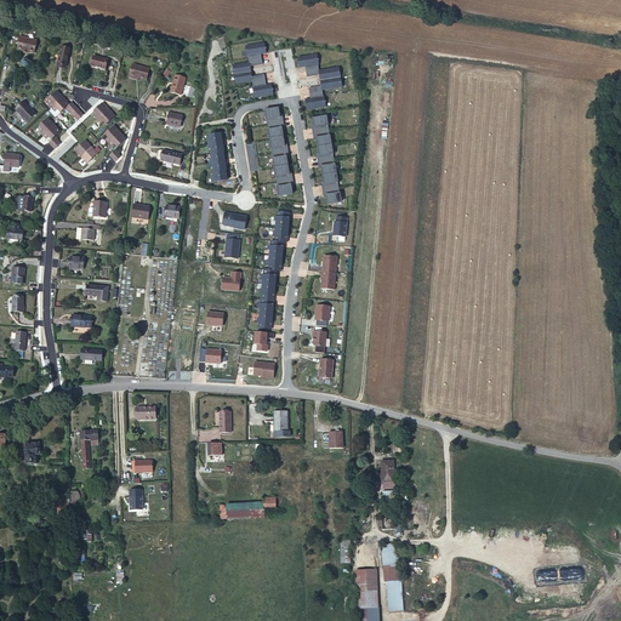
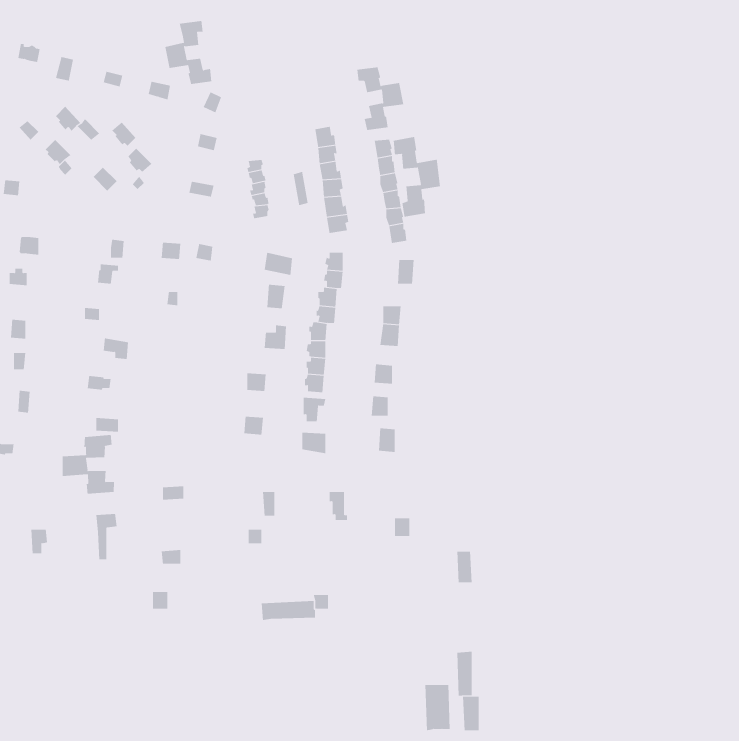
building: [232,44,272,97] -> [164,21,212,84]
building: none -> [393,136,440,218]
building: none -> [62,434,115,494]

